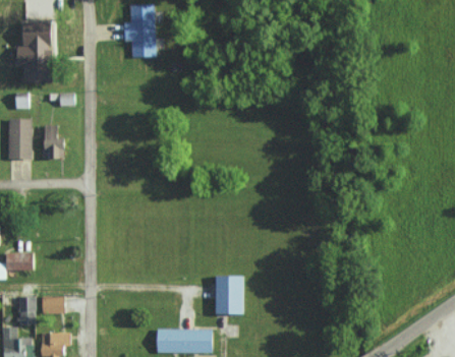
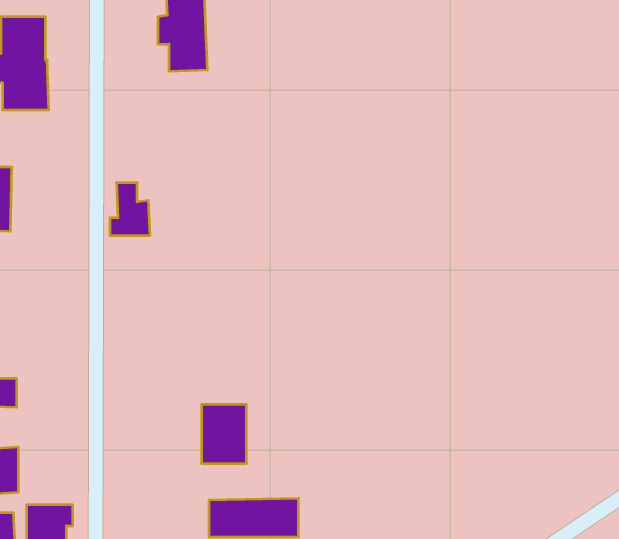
building: [40,125,65,159] -> [110,183,150,236]
building: [216,276,244,313] -> [202,404,246,464]
building: [40,295,65,313] -> none

